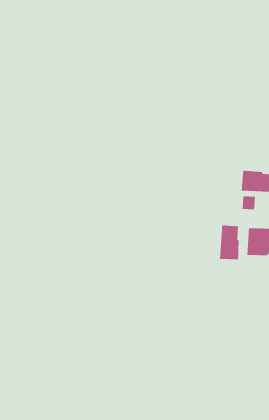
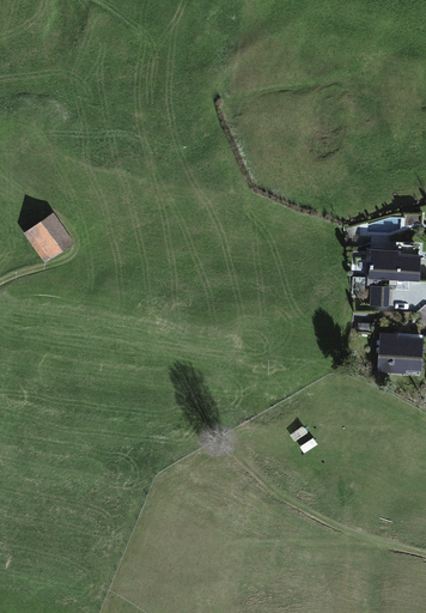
building: none -> [24,212,74,262]
building: [219,225,240,260] -> none

